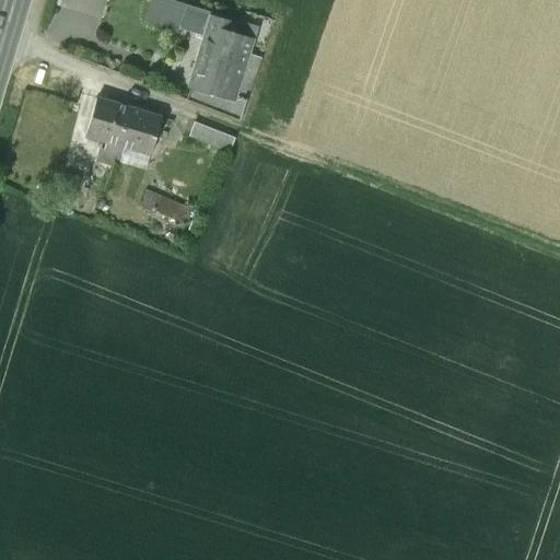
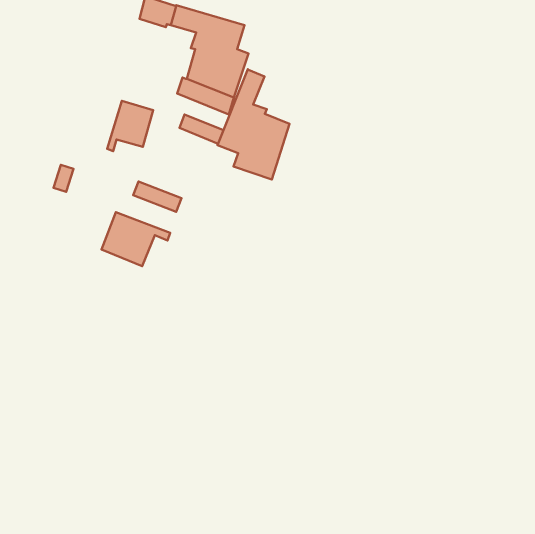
building: none -> [218,69,290,180]
building: [83,95,127,162] -> none
building: none -> [101,212,170,266]

